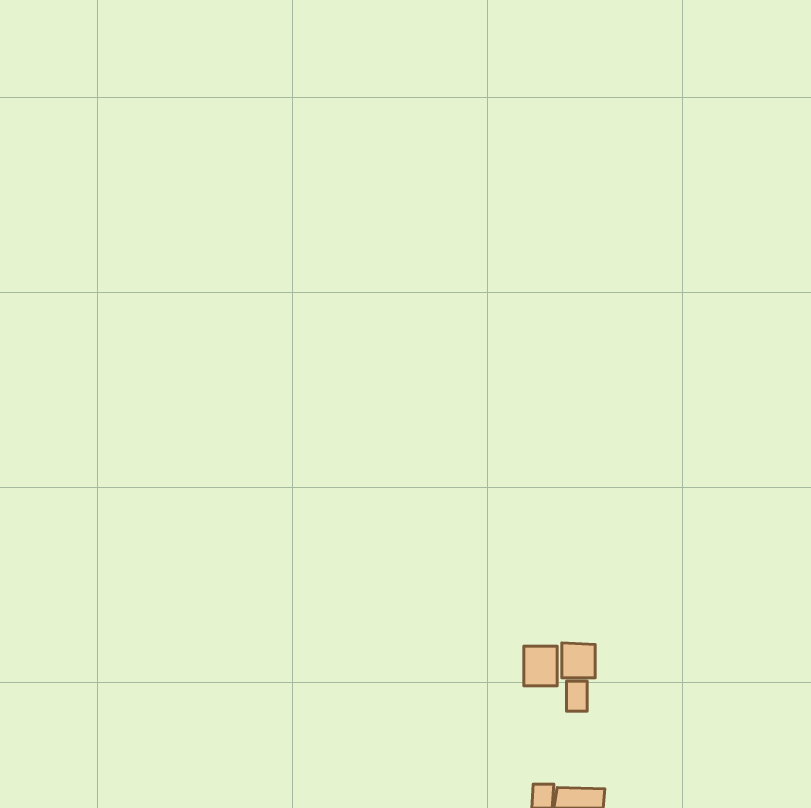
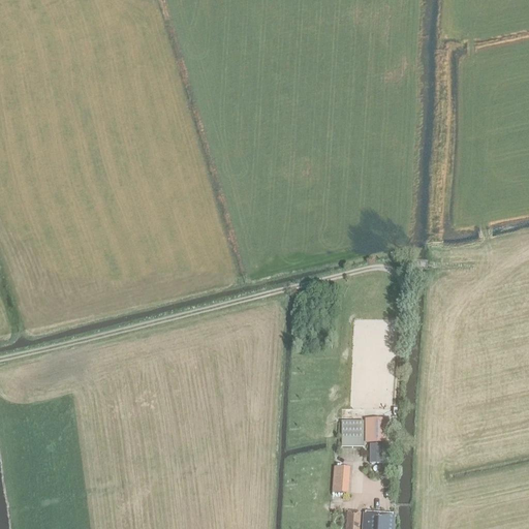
building: none -> [332,466,349,494]

